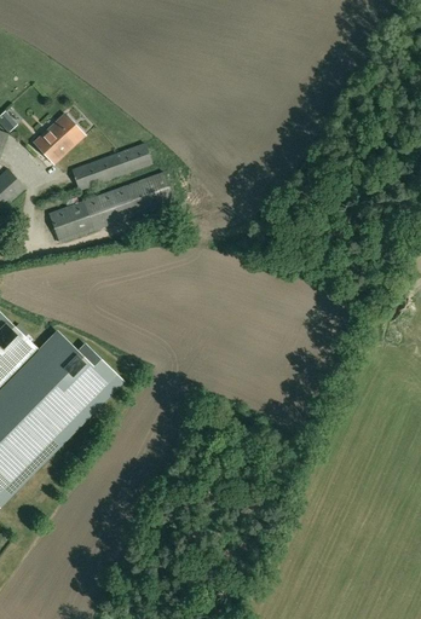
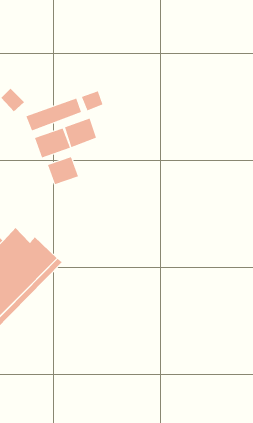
building: [47,114,82,149] -> none
building: none -> [81,91,103,111]
building: [46,201,92,242] -> [47,156,79,185]

